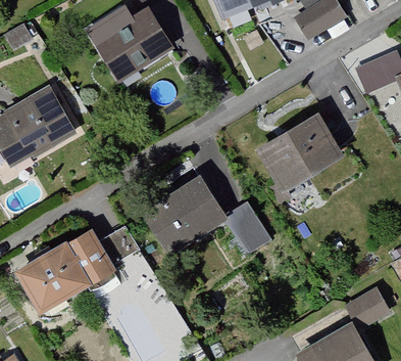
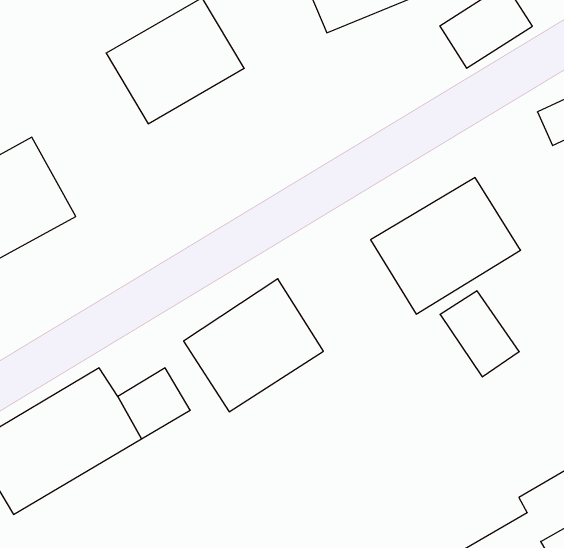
building: [227,205,274,257] -> [440,291,519,377]

